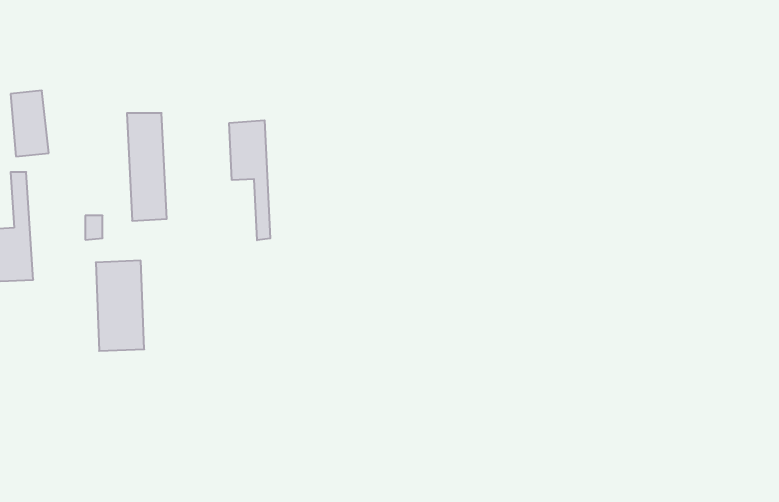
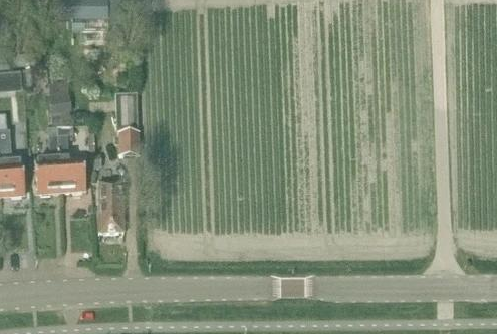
building: [229,120,270,240] -> none
building: none -> [57,126,86,190]

